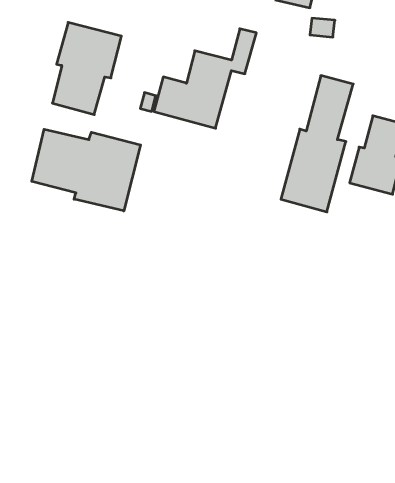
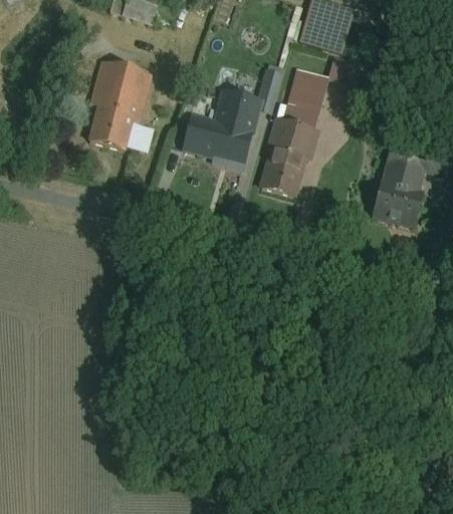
building: [281,76,353,212] -> [259,66,328,197]
building: [32,129,141,211] -> none

